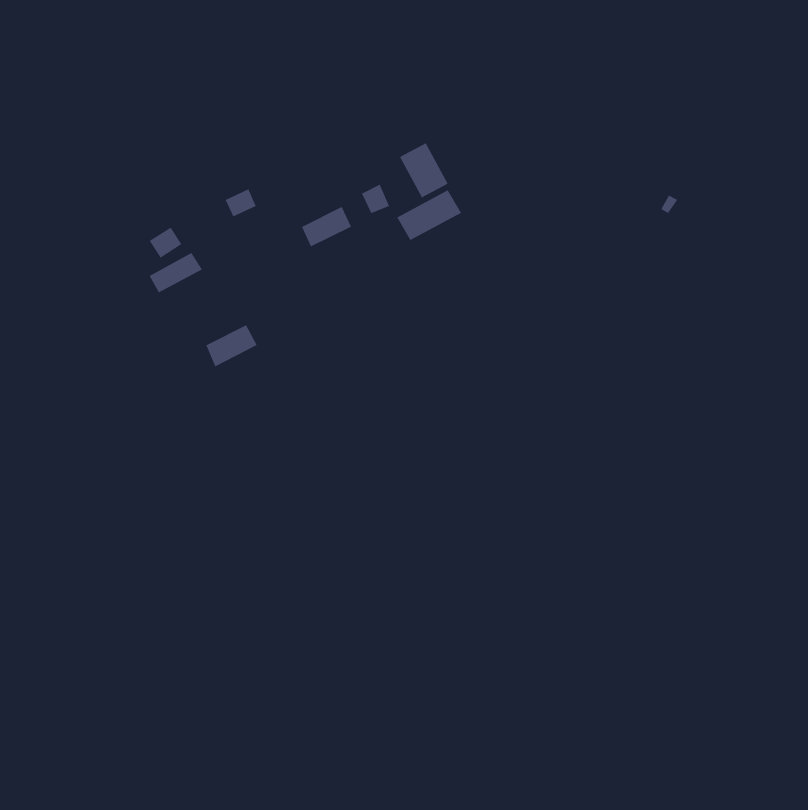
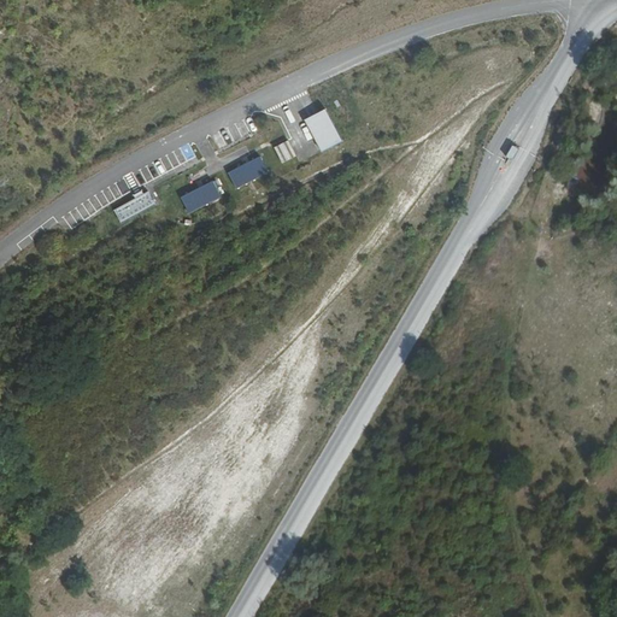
building: [396,190,462,241] -> none
building: [205,324,258,367] -> [181,180,221,212]

